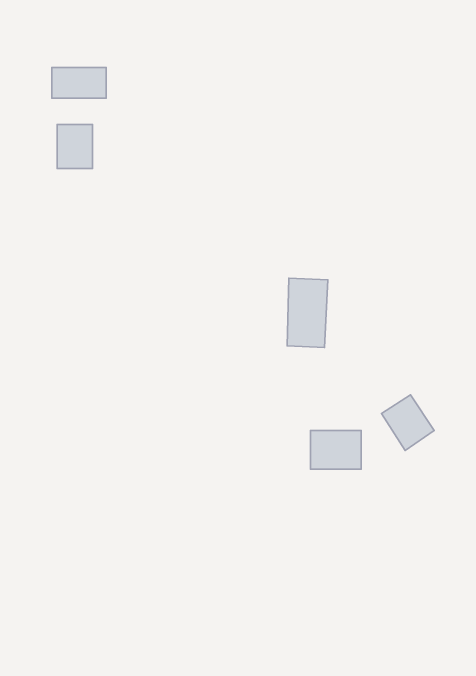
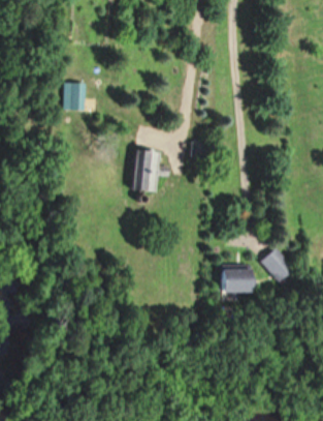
building: [52,68,106,98] -> none
building: [287,278,328,347] -> [133,150,158,192]

